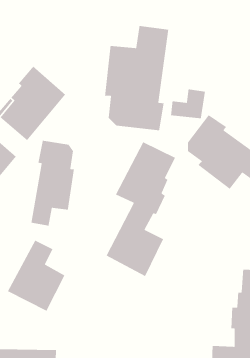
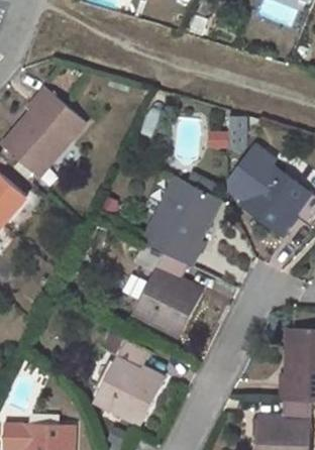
building: [104,25,169,131] -> none
building: [31,140,75,227] -> none
building: [7,240,66,312] -> [93,339,163,425]

